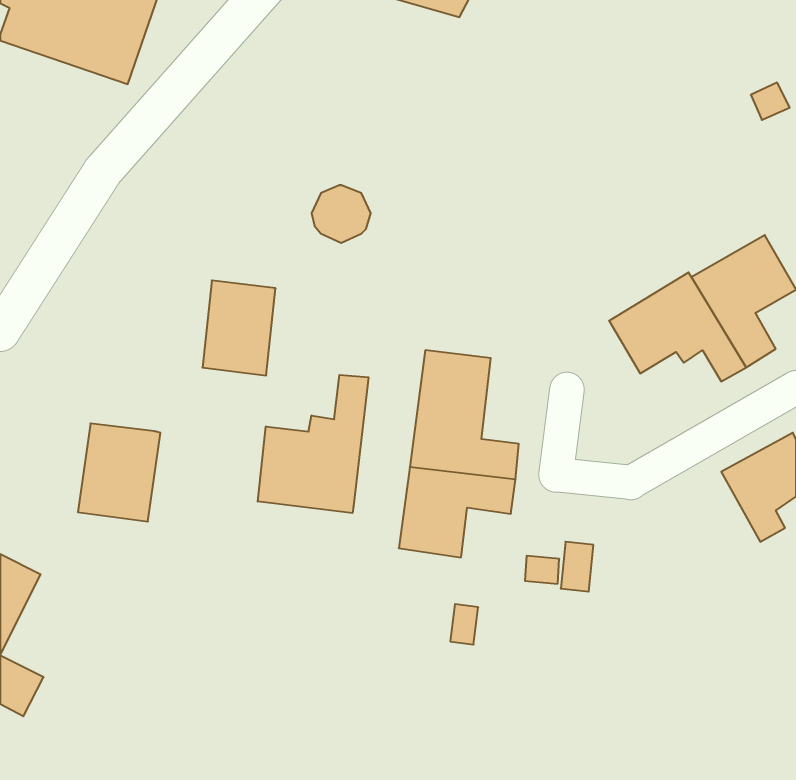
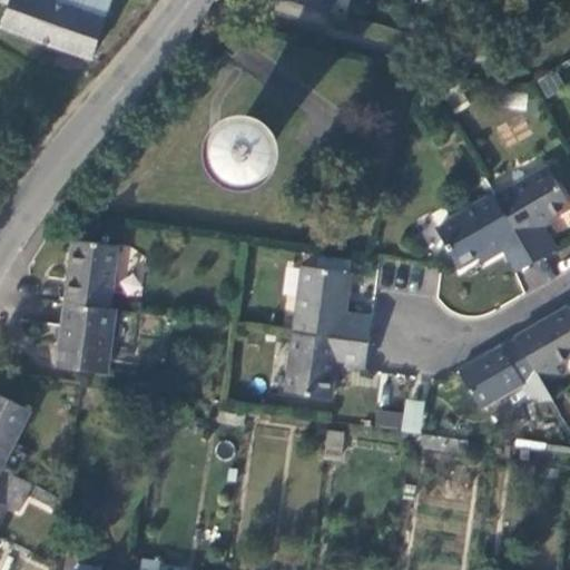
building: [202,280,276,375] -> [65,240,117,308]
building: [258,375,369,513] -> none
building: none -> [458,337,552,412]

